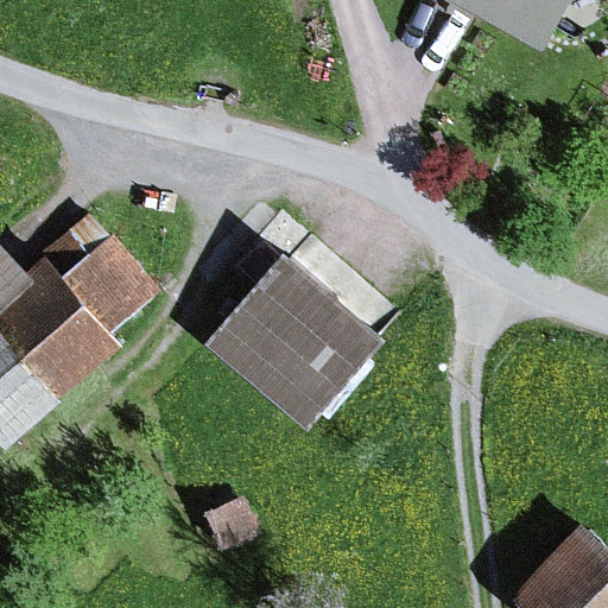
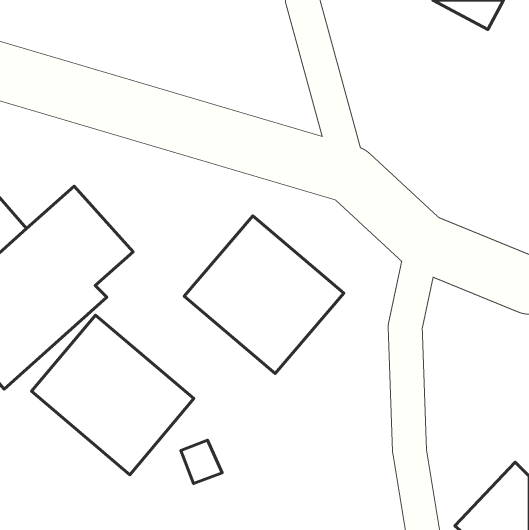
building: none -> [31,315,194,475]

